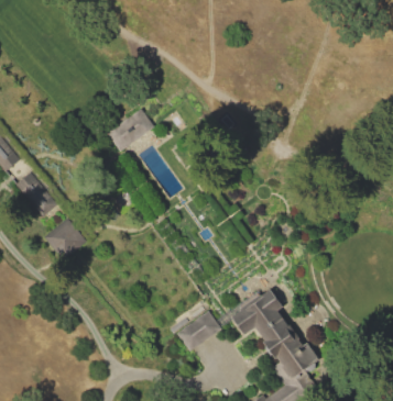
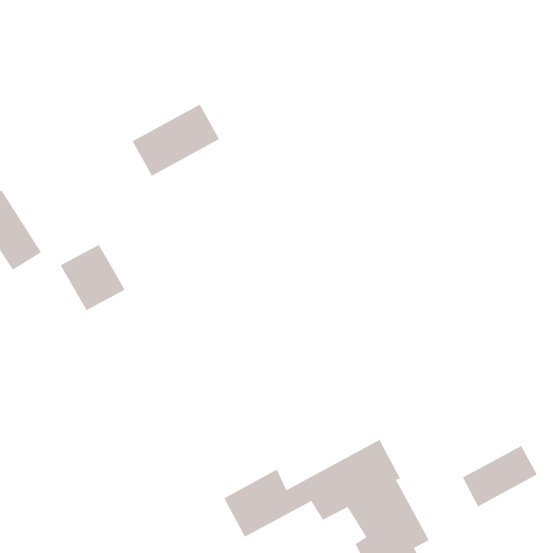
building: [46,221,85,259] -> [60,244,126,311]
building: none -> [462,445,537,507]

